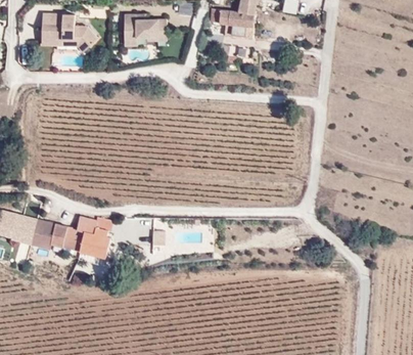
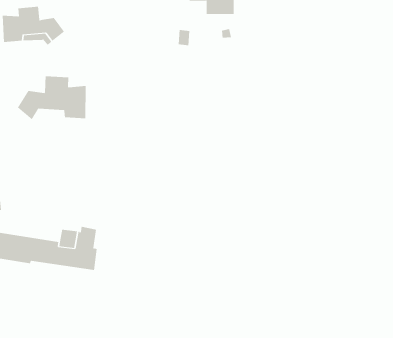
building: [126,18,169,48] -> none
building: none -> [17,75,86,120]

